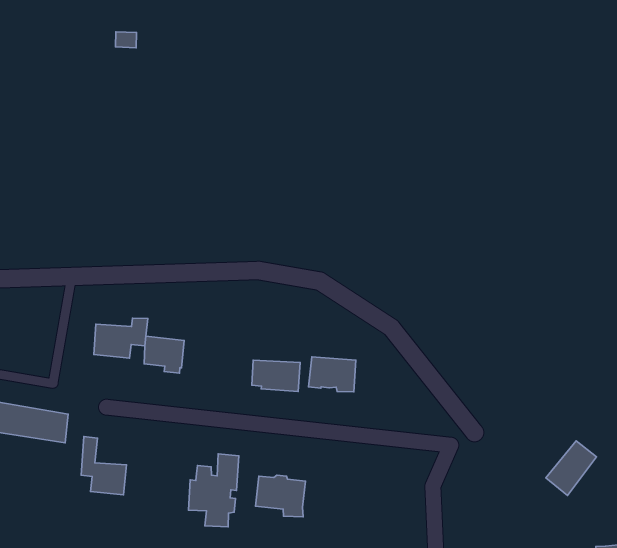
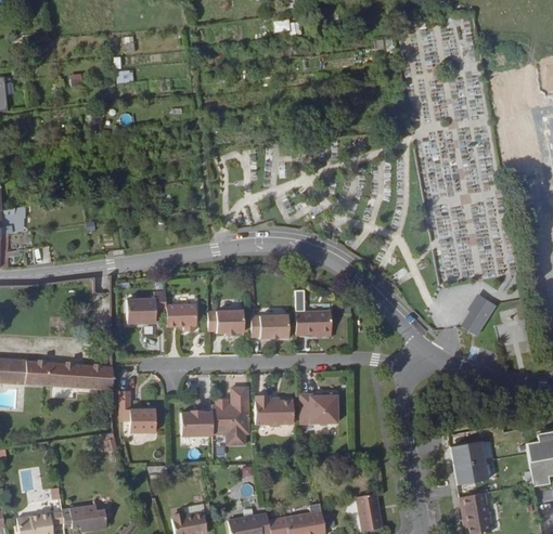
building: none -> [208,308,244,330]
building: [546,441,597,495] -> [456,292,494,336]
building: none -> [179,405,214,438]
building: none -> [303,392,339,425]

